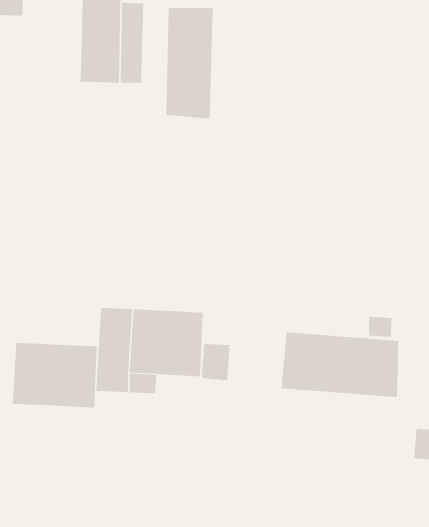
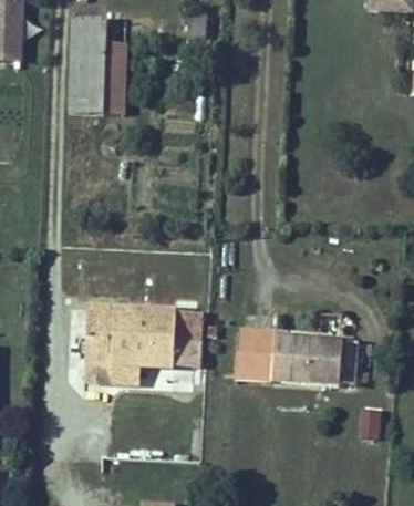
building: [166,7,213,120] -> none
building: [12,342,97,408] -> none

